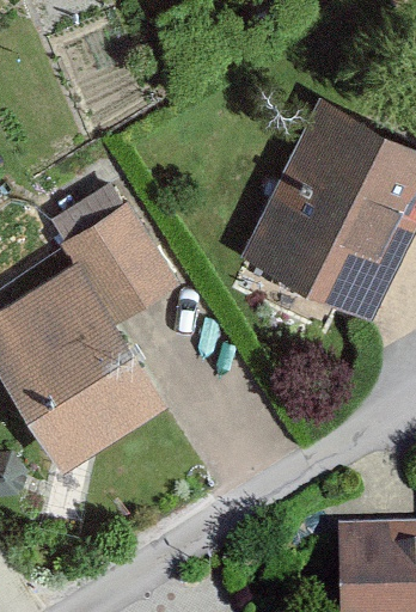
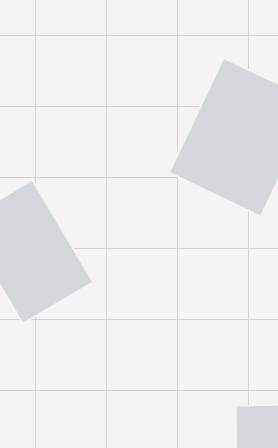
building: [65,194,166,308] -> none

